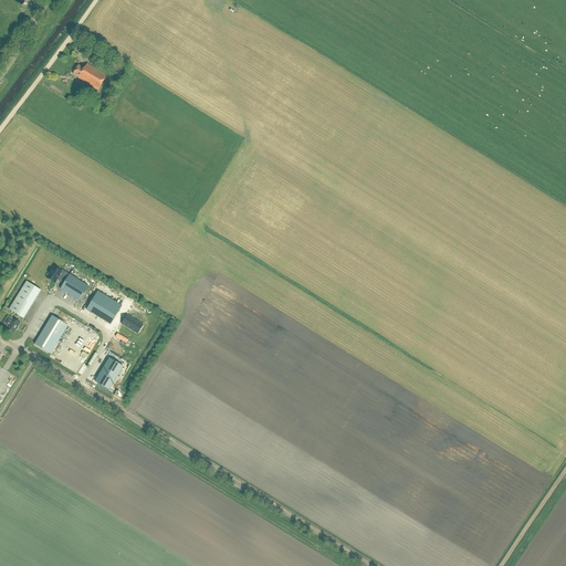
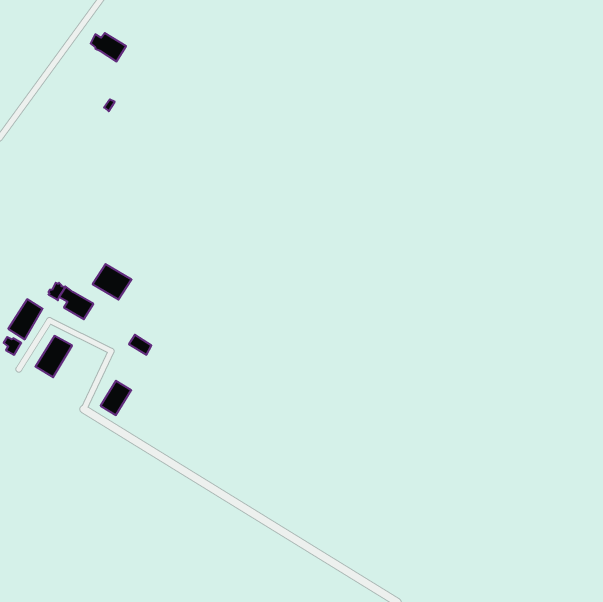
building: [73,62,106,88] -> [91,33,126,61]
building: [85,290,122,323] -> [93,264,132,300]

